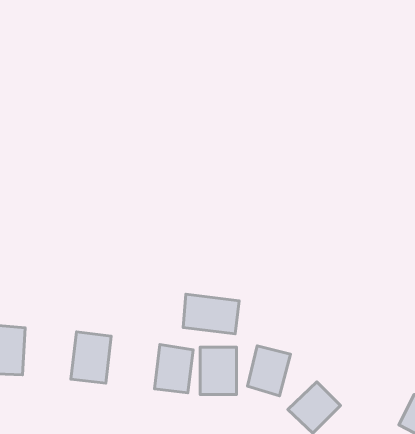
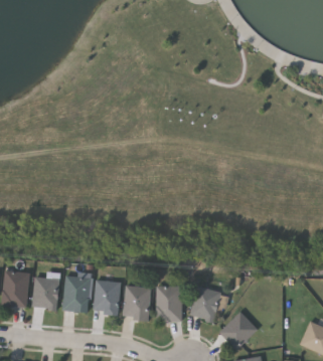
building: [183,294,239,334] -> none
building: none -> [32,276,59,309]
building: none -> [95,281,120,313]

